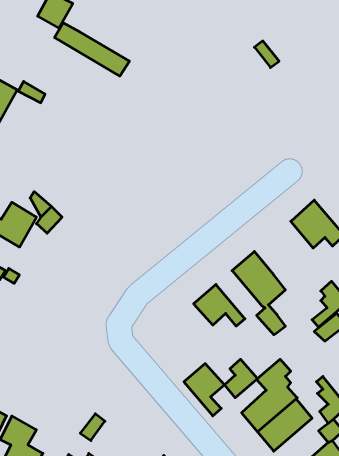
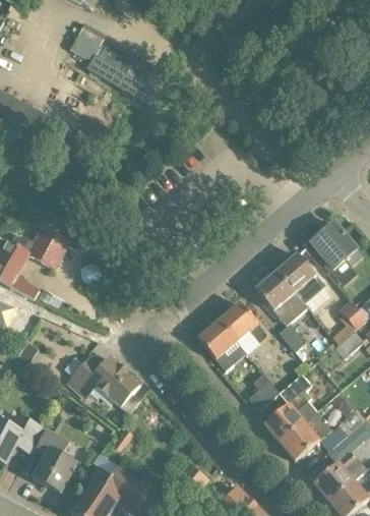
building: none -> [276,253,325,307]
building: none -> [68,357,139,406]
building: [184,364,225,416] -> [198,321,237,370]

